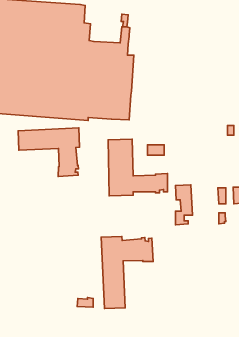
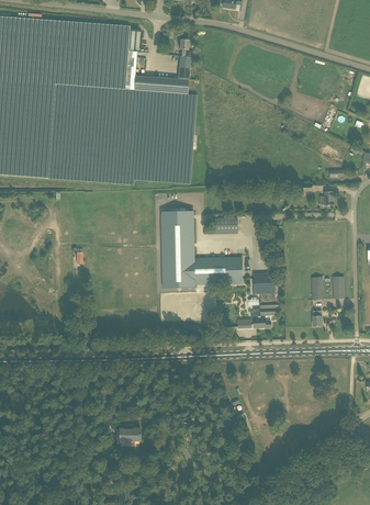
building: [18,128,79,176] -> none
building: [101,236,153,309] -> none

